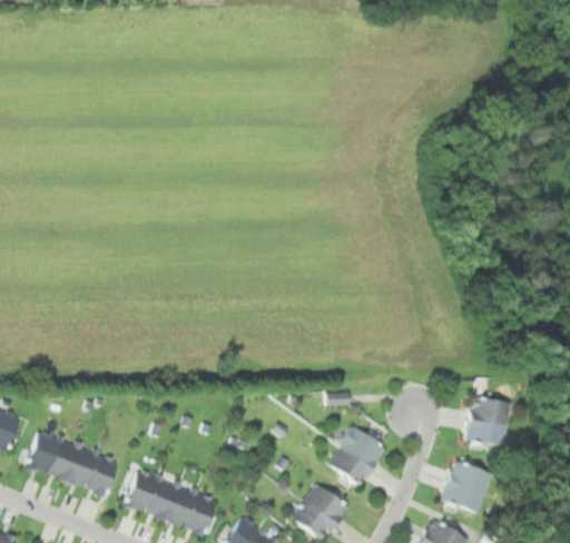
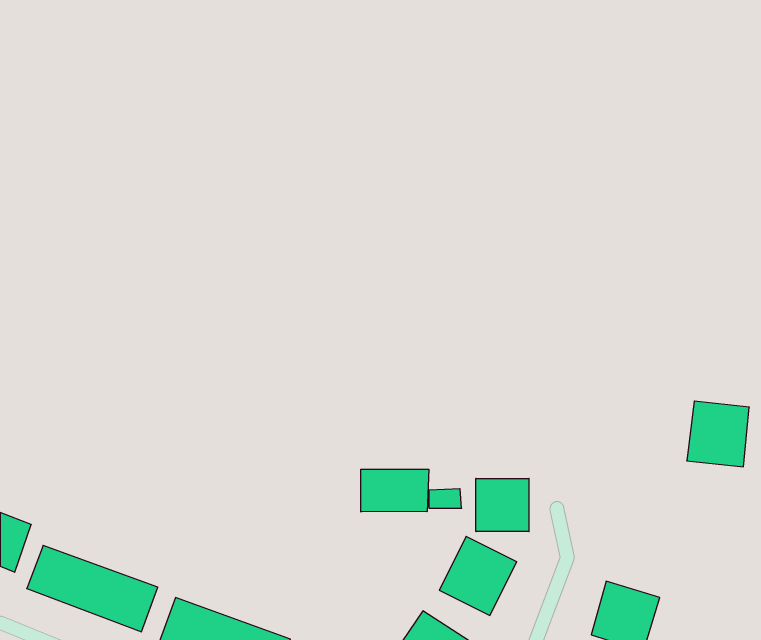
building: none -> [361,469,429,512]
building: none -> [476,478,529,532]
building: [466,396,513,445] -> [687,401,749,467]

